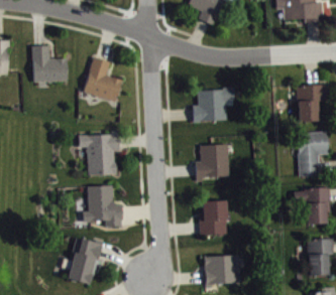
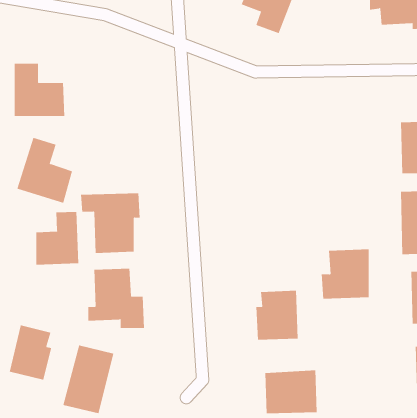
building: [83,56,121,102] -> [17,137,73,203]
building: [192,88,234,122] -> none
building: [195,144,228,178] -> [321,249,370,299]
building: none -> [36,211,79,266]
building: none -> [9,325,52,380]

